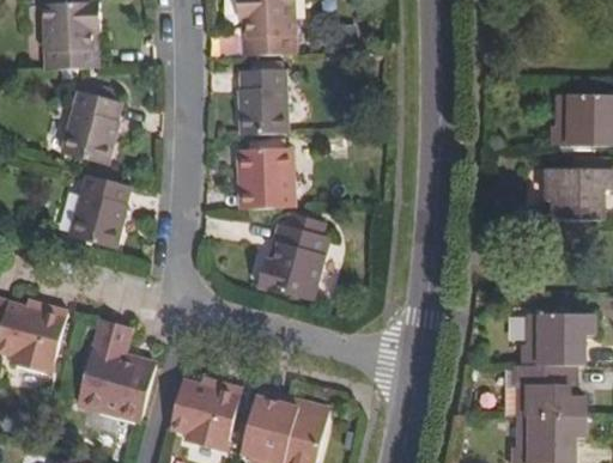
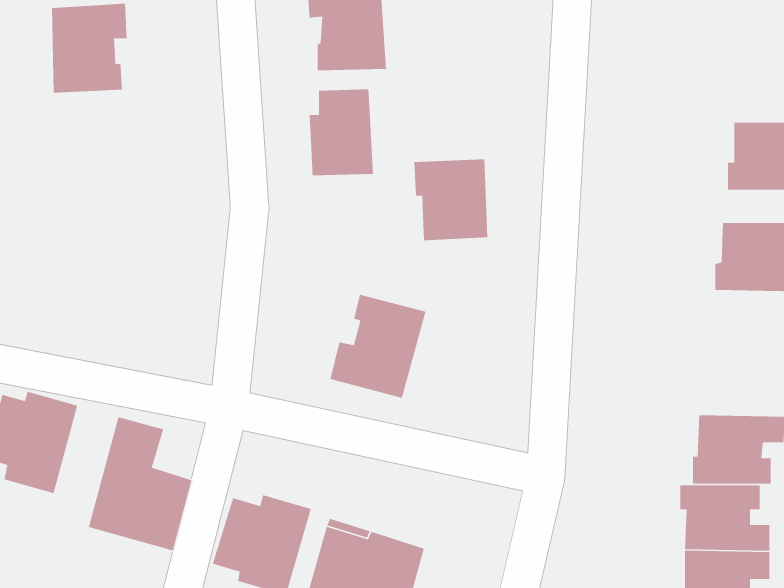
building: [63,91,120,165] -> none
building: [237,146,293,208] -> [414,158,488,241]
building: [71,176,128,246] -> none

